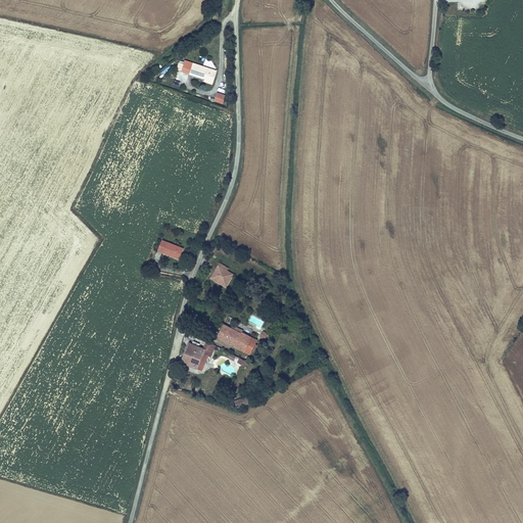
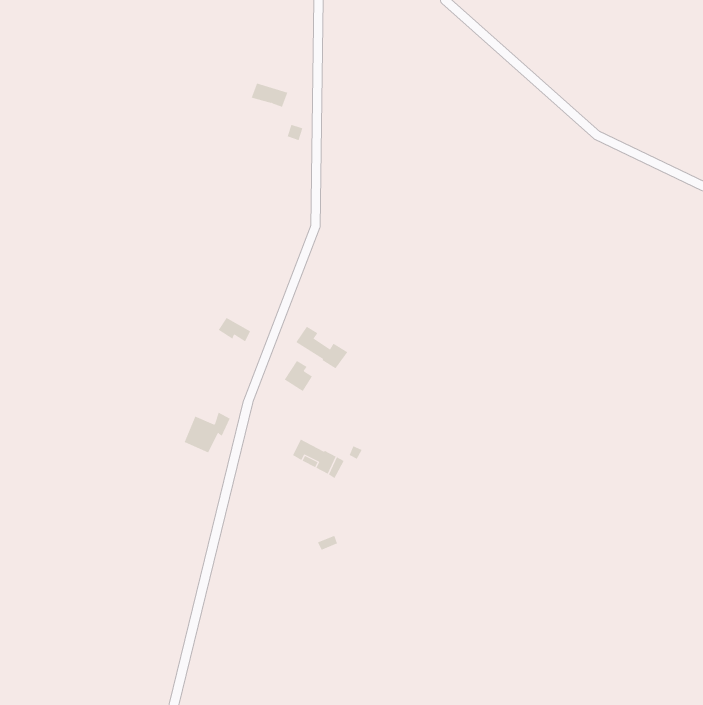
building: none -> [296,326,348,369]
building: [181,340,216,371] -> [184,412,231,453]

